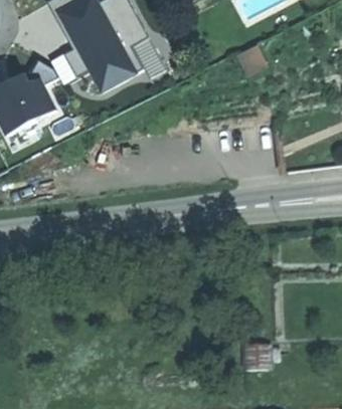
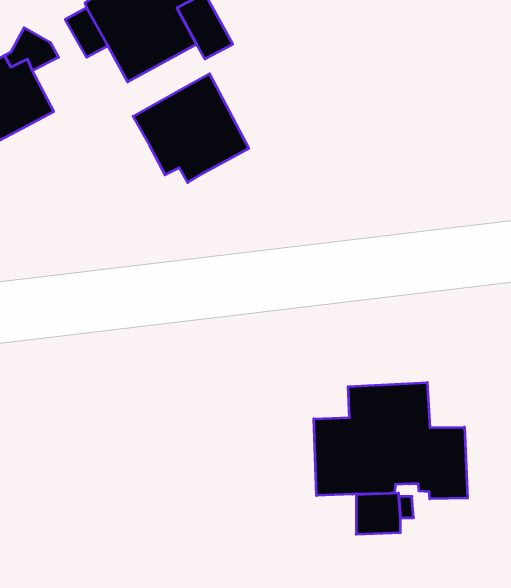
building: none -> [133,74,249,183]
building: none -> [314,382,468,499]

